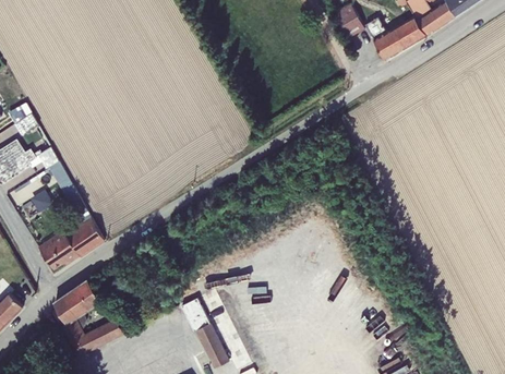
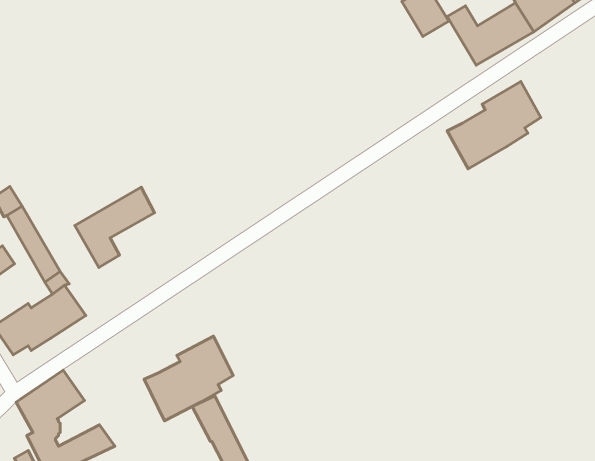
building: none -> [447,82,541,169]
building: none -> [75,187,154,267]
building: none -> [144,336,233,421]

